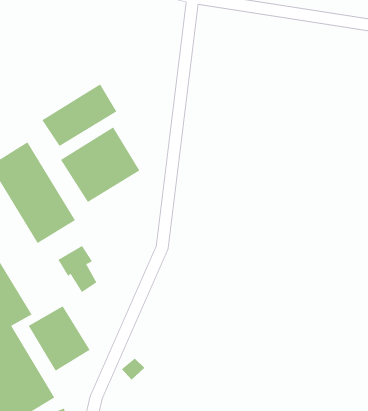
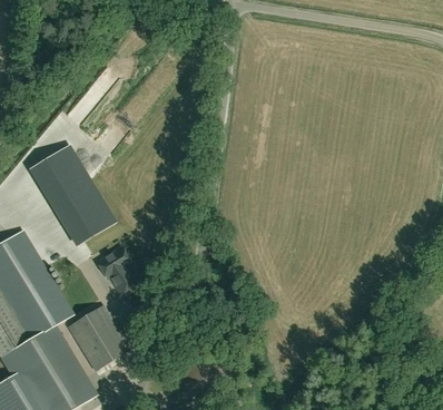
building: [41,84,117,147] -> none
building: [60,127,140,203] -> none

